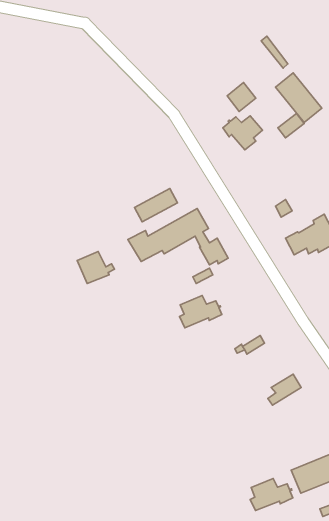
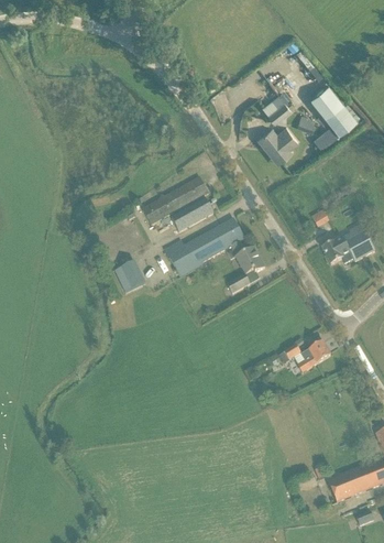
building: none -> [141,177,207,226]
building: [180,296,222,328] -> none
building: [268,374,301,405] -> [296,341,329,372]
building: [250,478,293,511] -> none

